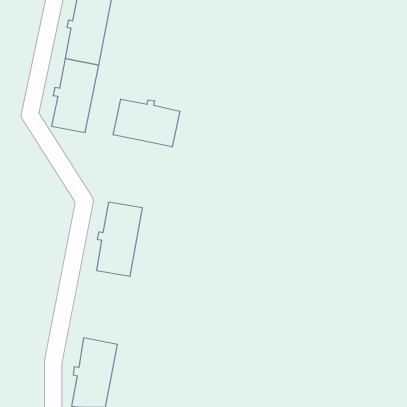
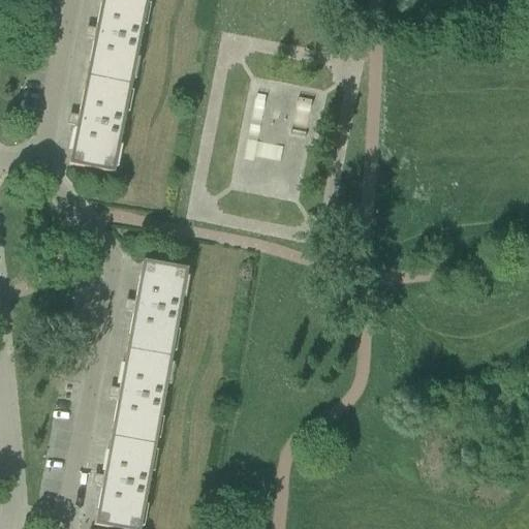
building: [113,99,180,147] -> none
building: none -> [113,348,173,443]

